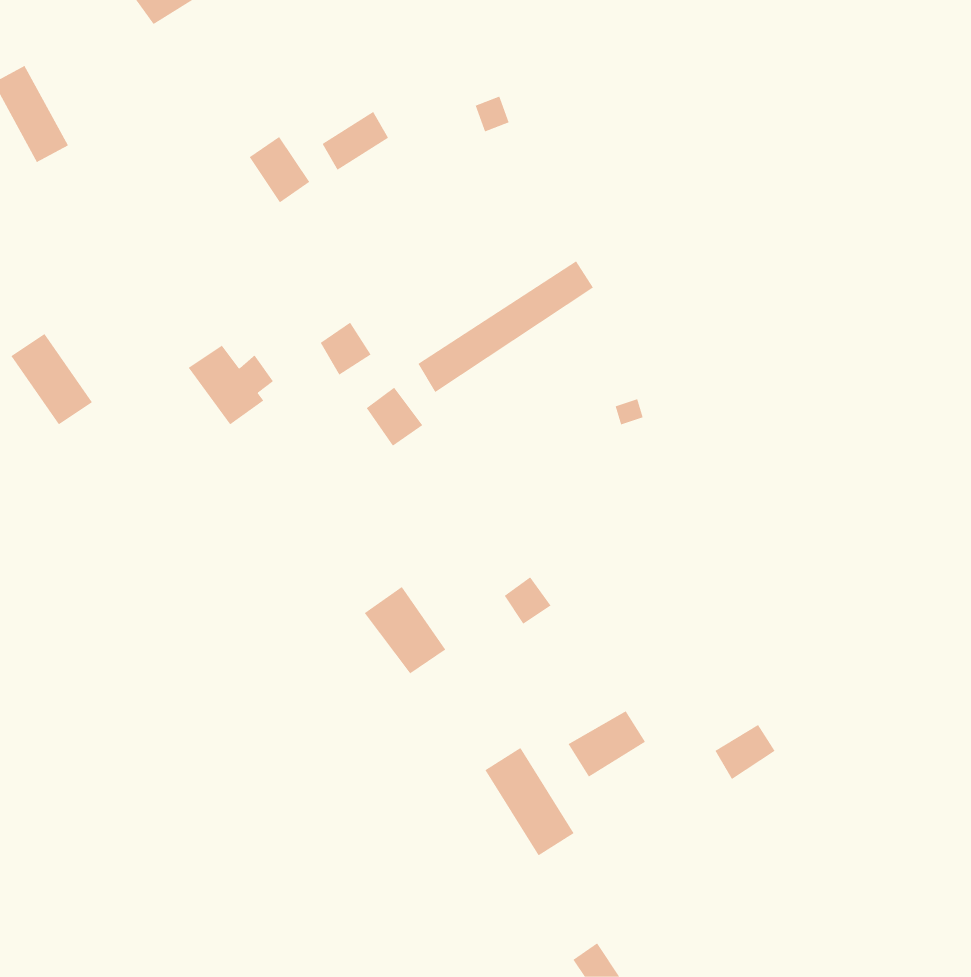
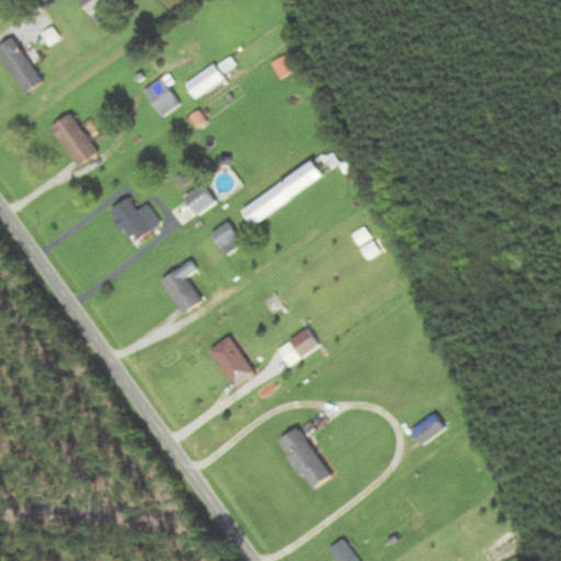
building: [10,333,93,425] -> [49,113,96,165]
building: none -> [160,262,201,313]
building: [568,711,646,778] -> none

